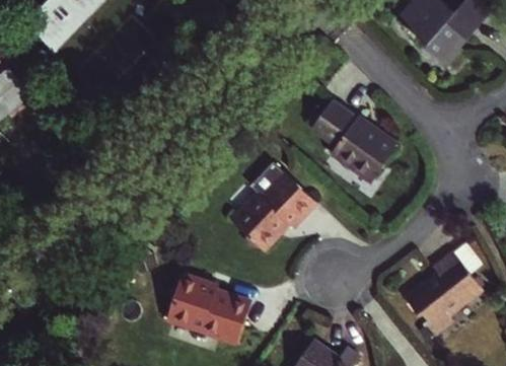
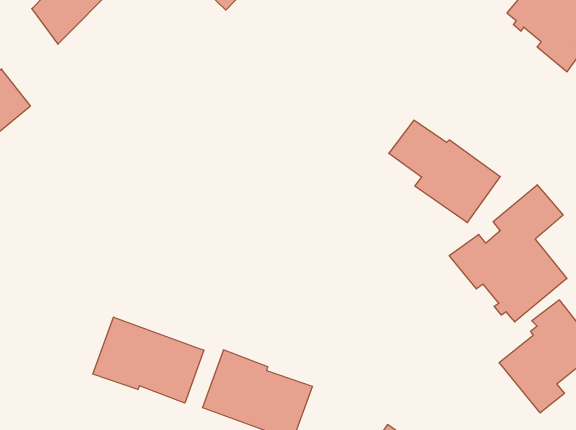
building: none -> [449,185,567,322]
building: [234,168,317,246] -> none
building: none -> [93,317,204,403]

